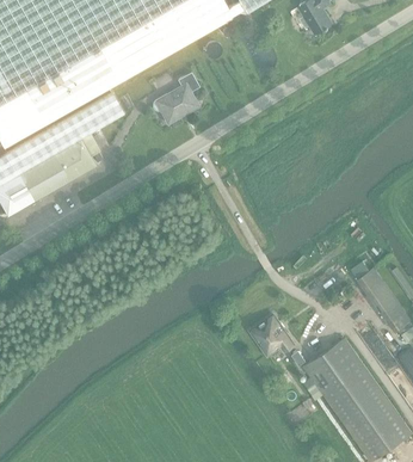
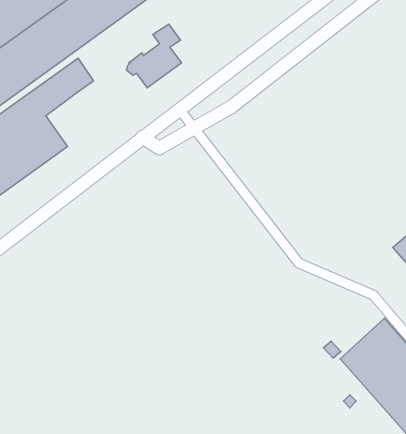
building: [248,314,292,355] -> none

